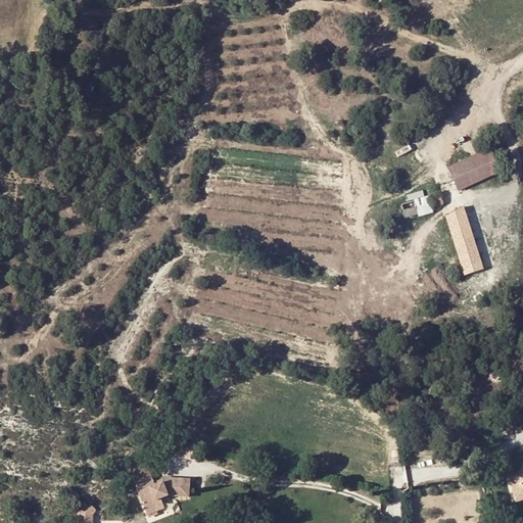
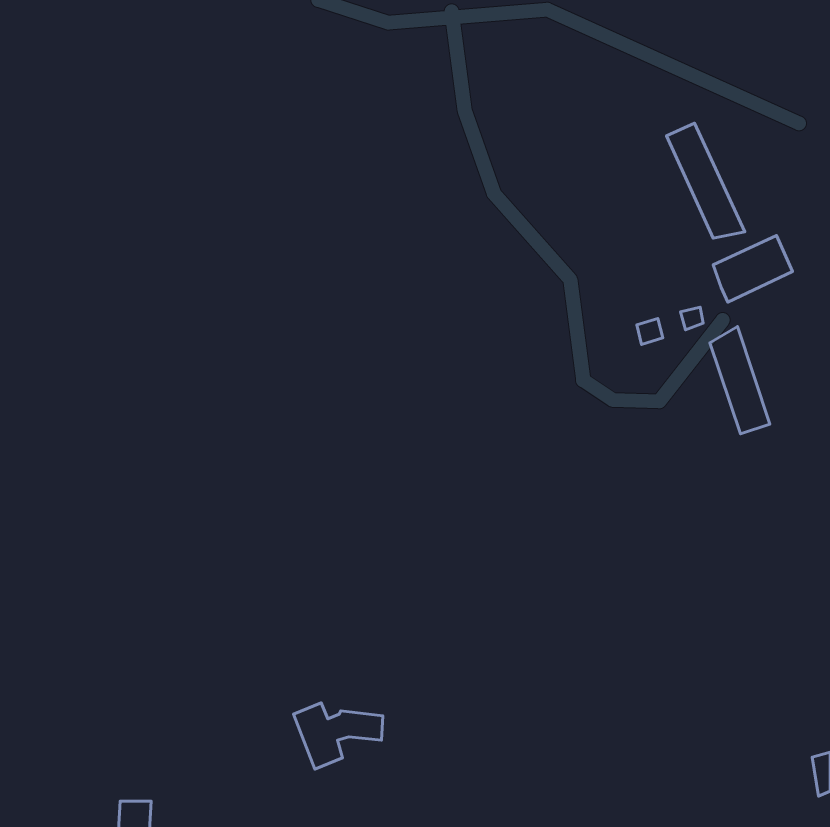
building: none -> [667,123,745,238]
building: [132,473,188,515] -> [294,703,383,769]

